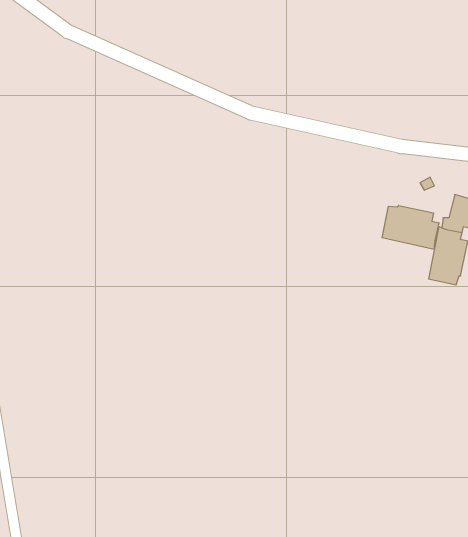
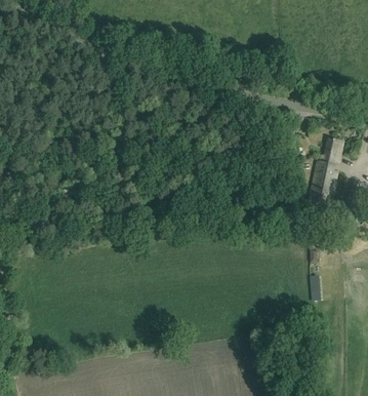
building: [382,205,439,250] -> none

